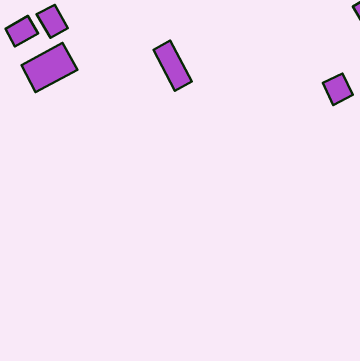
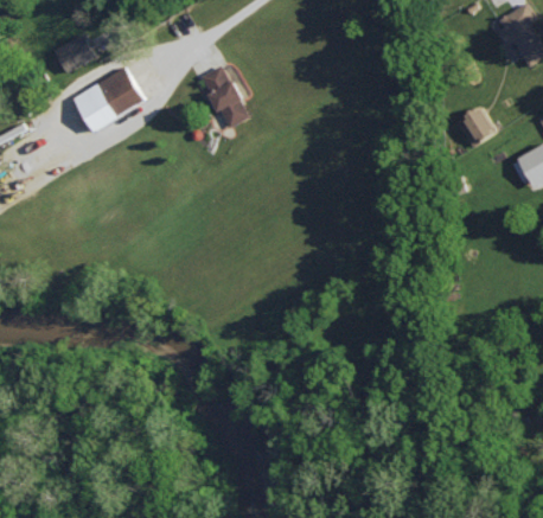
building: [37,5,68,38] -> none
building: [153,41,192,91] -> [200,65,249,129]

